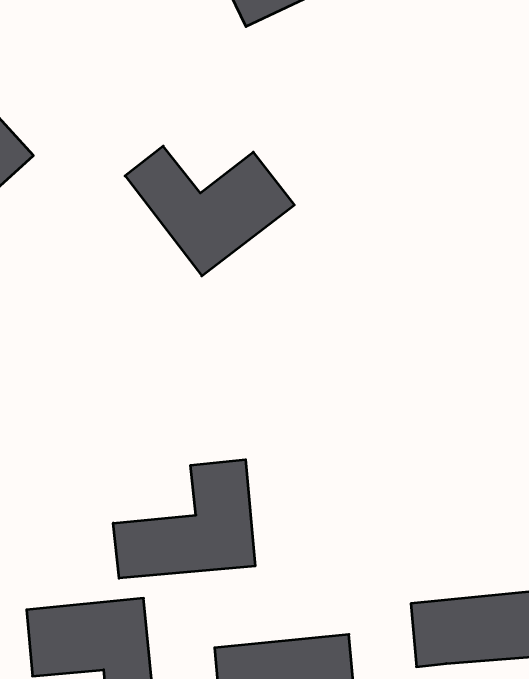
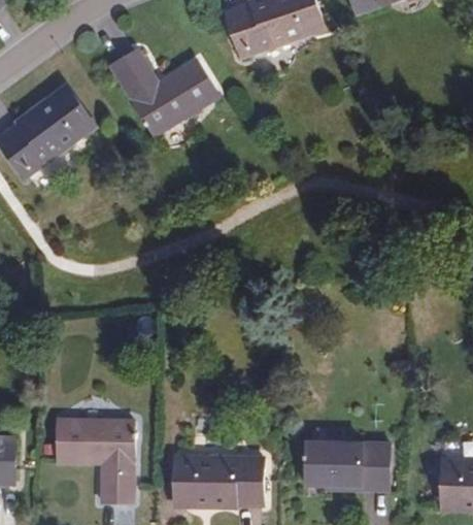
building: [125,146,294,276] -> [111,50,218,136]
building: [113,460,255,578] -> none

